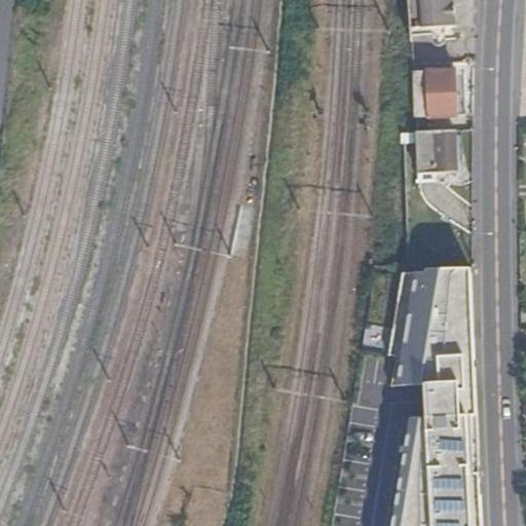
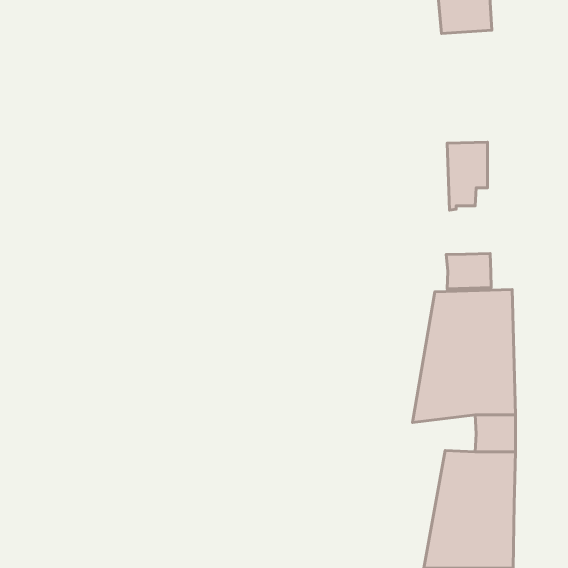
building: [408,68,451,115] -> none
building: none -> [446,253,491,289]

